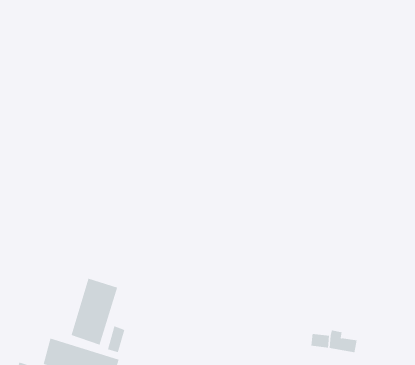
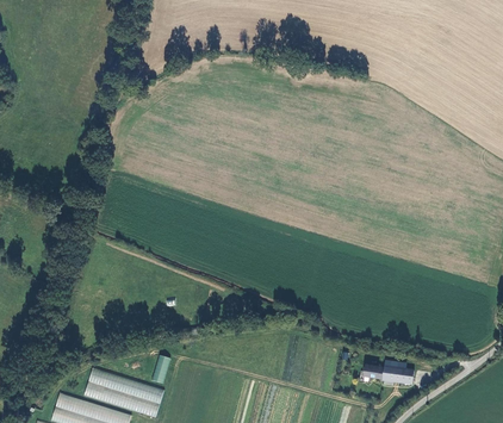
building: [71,278,118,345] -> none

